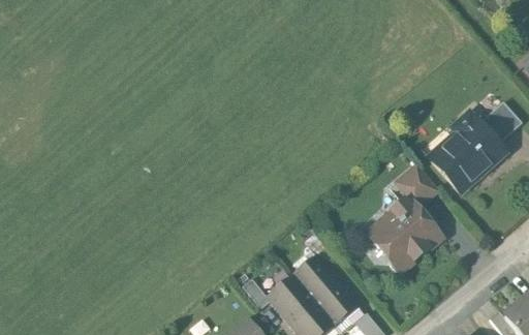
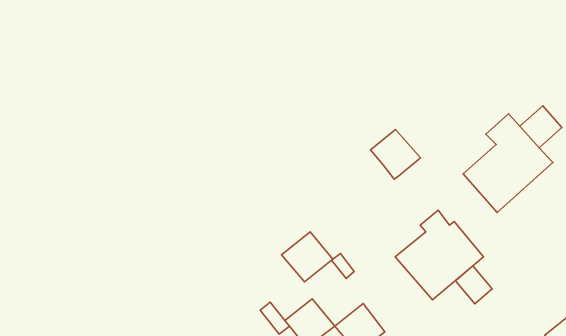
building: [394,163,439,209] -> [370,129,420,179]
building: none -> [455,266,492,304]
building: [290,255,337,301] -> [282,232,333,282]

